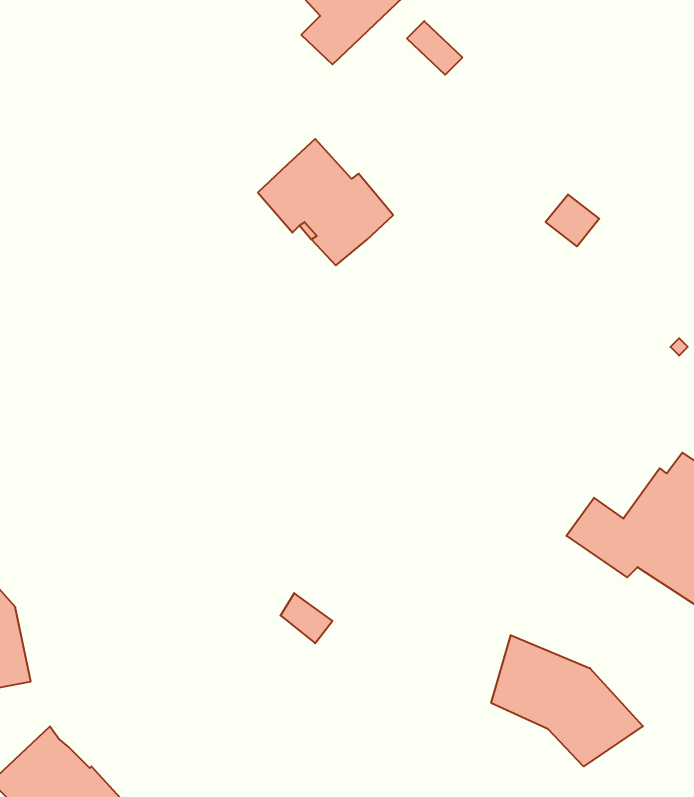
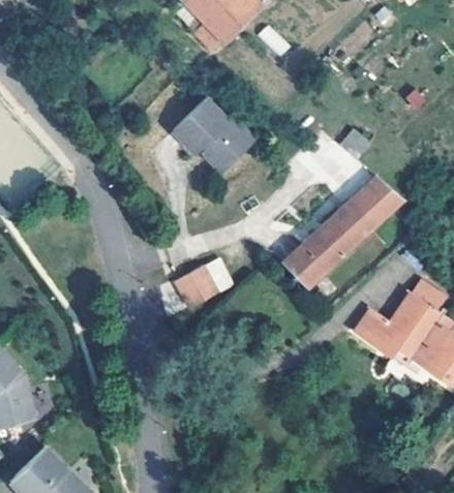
building: none -> [286,176,404,286]
building: none -> [179,263,220,305]
building: [491,635,643,766] -> none

